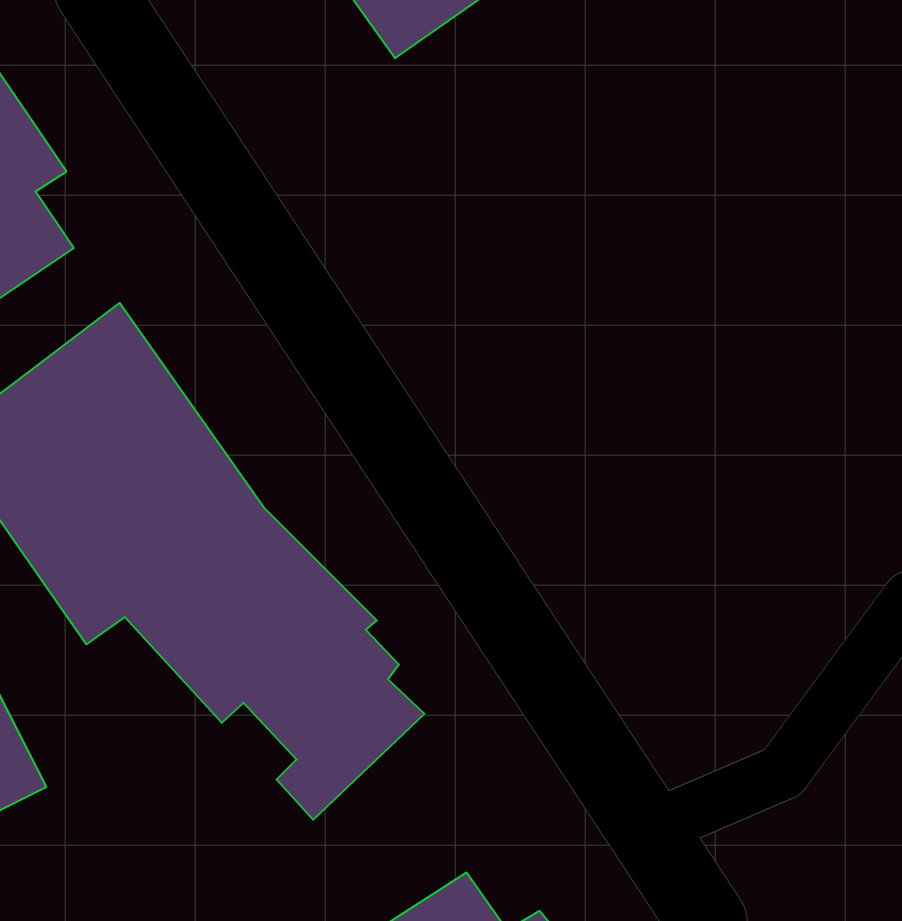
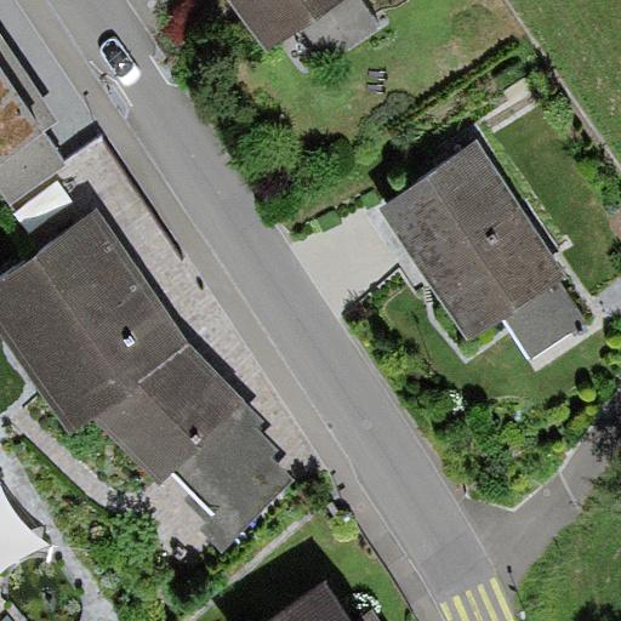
building: none -> [375,137,564,338]

